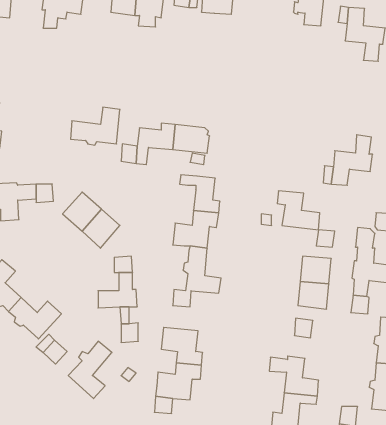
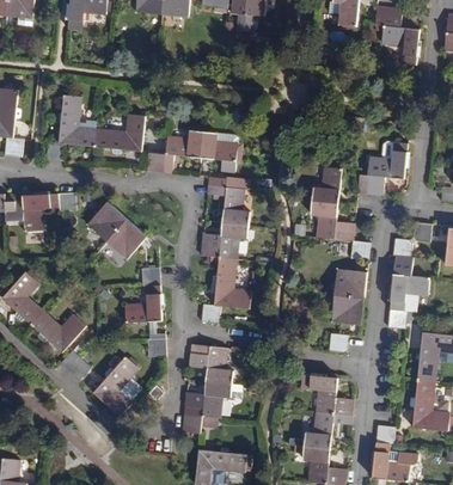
building: none -> [47,93,97,160]
building: none -> [311,165,341,202]

